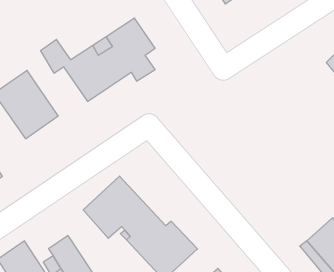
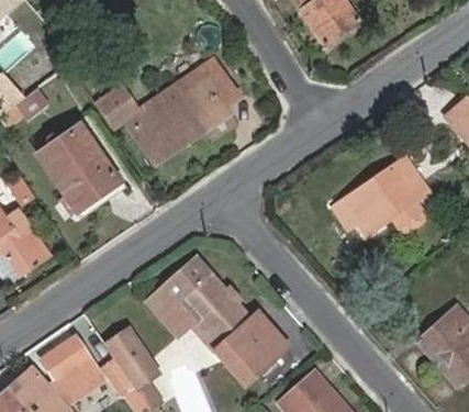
building: none -> [336,158,429,233]

